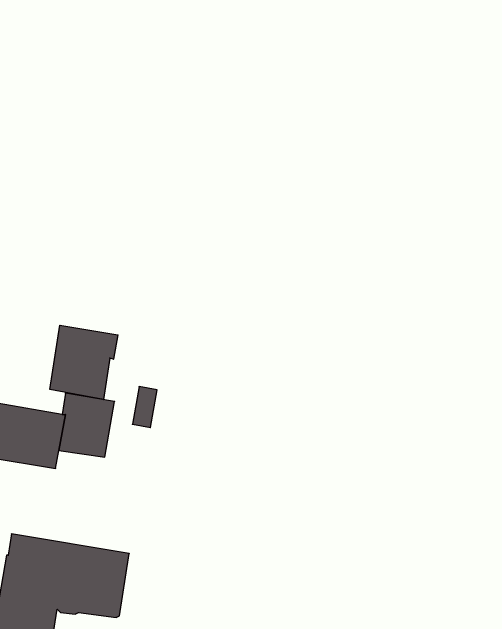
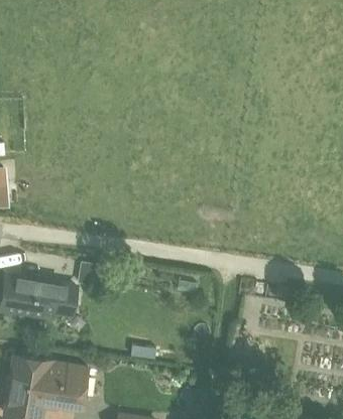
building: [50,325,118,400] -> none

